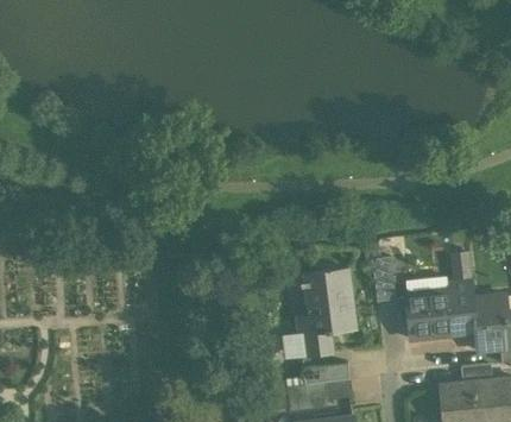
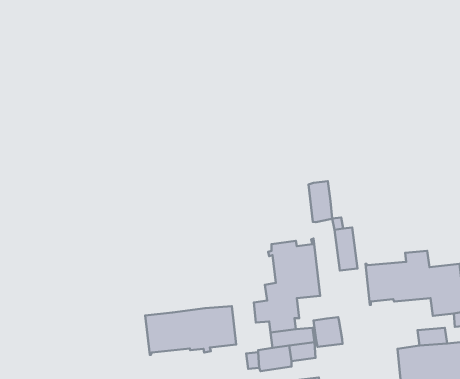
building: none -> [308,181,332,222]
building: none -> [145,306,236,355]
building: none -> [313,317,342,347]

